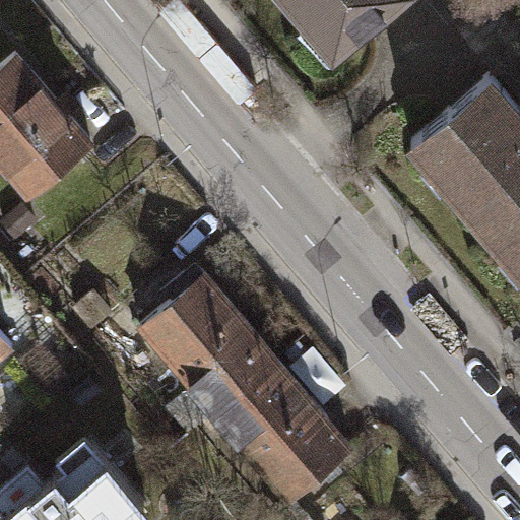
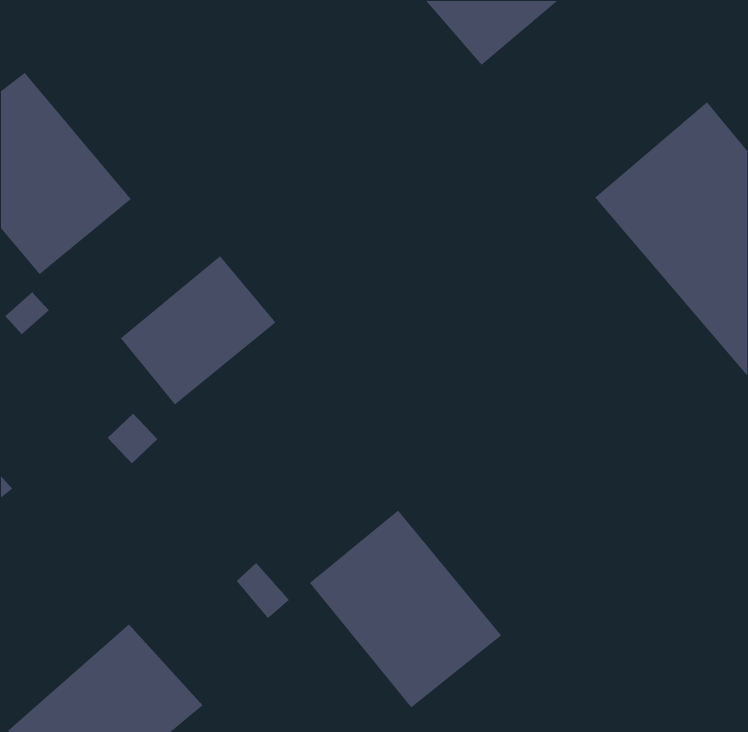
building: none -> [120,255,277,405]
building: [142,277,276,415] -> none

